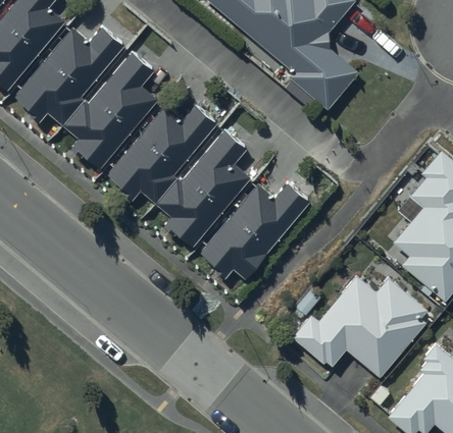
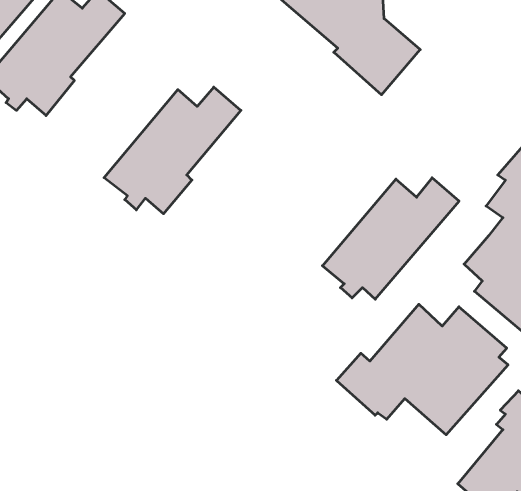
building: [62,53,158,169] -> none
building: [155,129,251,246] -> none
building: [201,183,309,279] -> [322,178,459,299]

